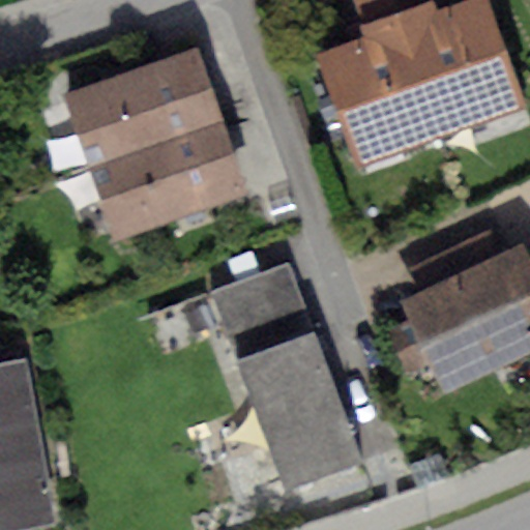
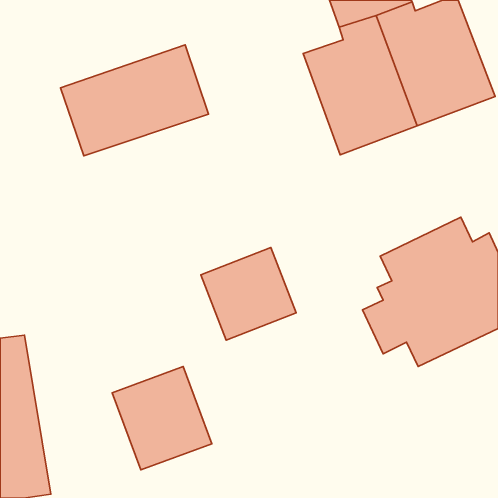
building: [89,121,247,241] -> none
building: [240,332,361,485] -> none
building: none -> [112,367,212,470]

